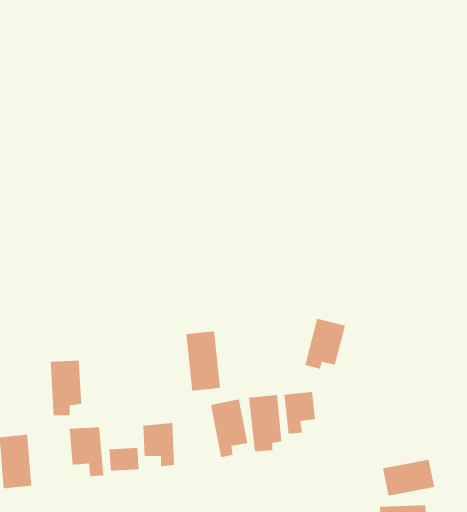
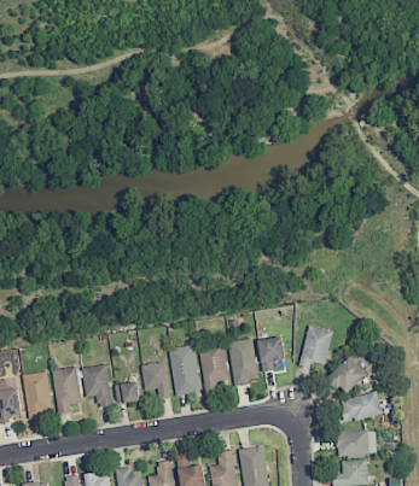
building: [305,318,346,370] -> [299,326,333,368]
building: [185,331,221,391] -> [170,345,199,394]
building: [50,360,82,416] -> [54,367,81,412]
building: none -> [327,356,367,396]

